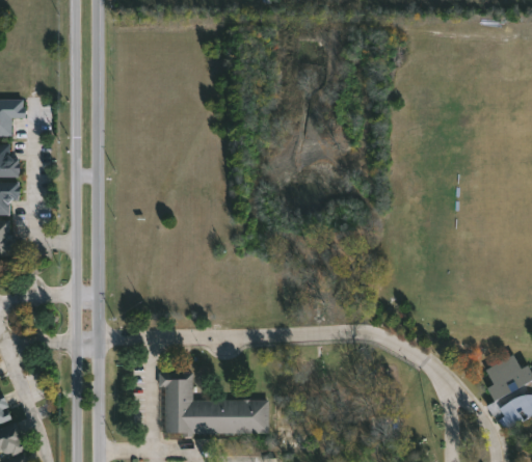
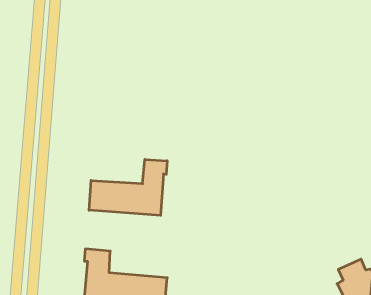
building: none -> [89,159,167,215]

